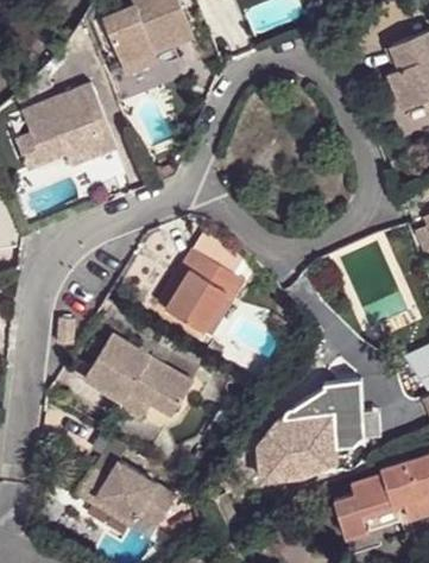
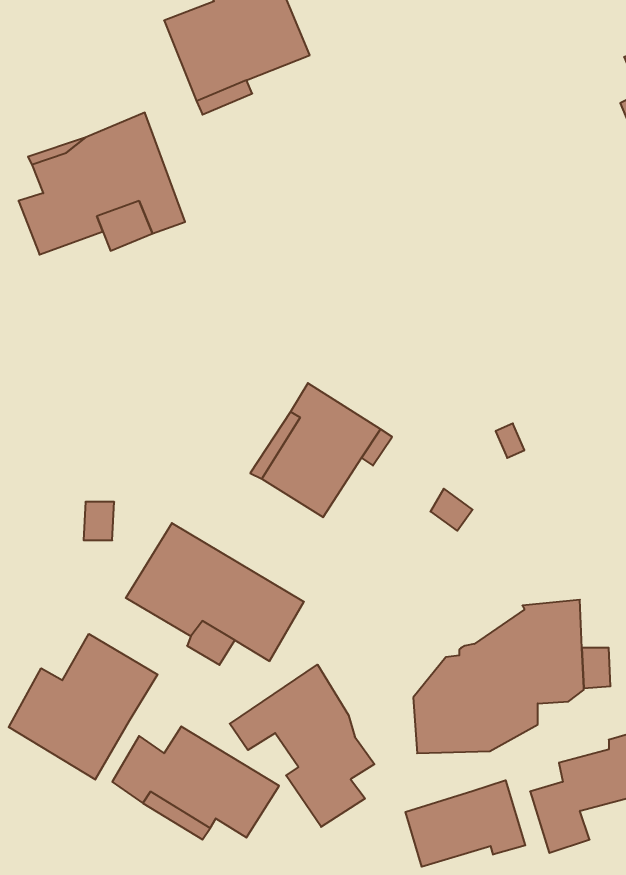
building: none -> [9,634,158,780]
building: none -> [230,665,374,827]
building: none -> [405,780,525,867]

